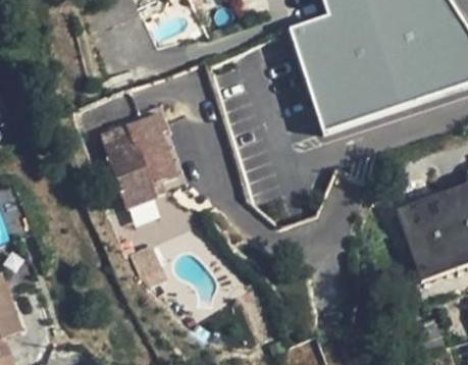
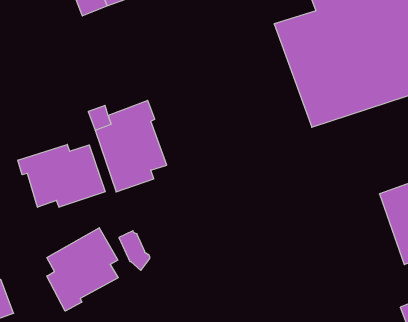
building: none -> [18,144,105,207]
building: none -> [47,228,118,311]

